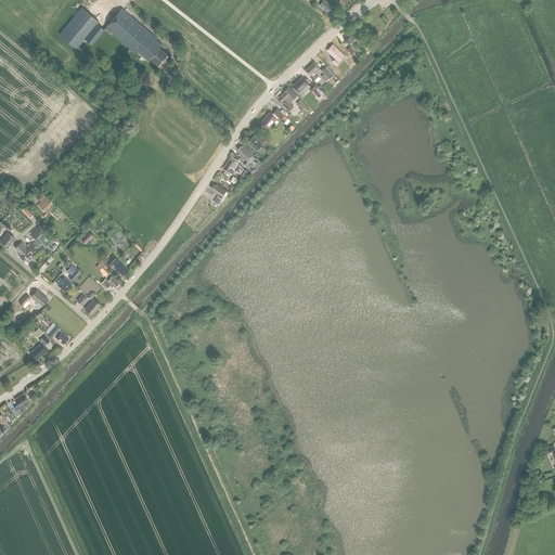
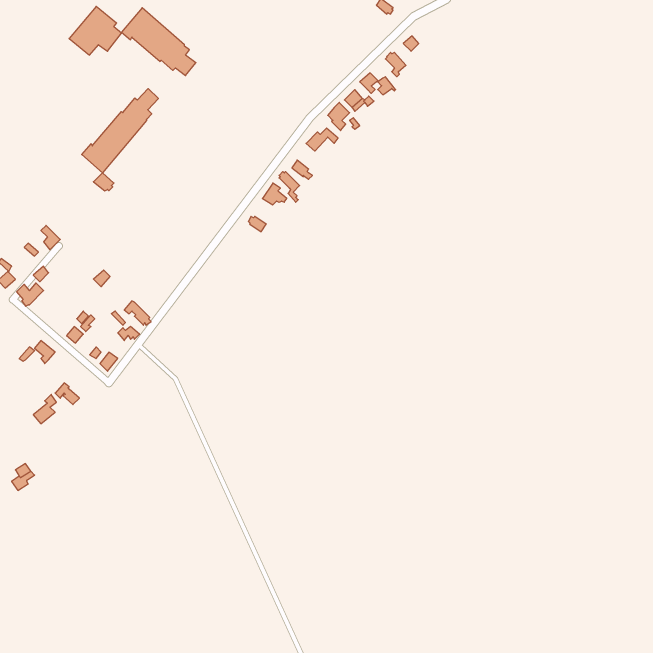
building: none -> [82,89,158,173]

